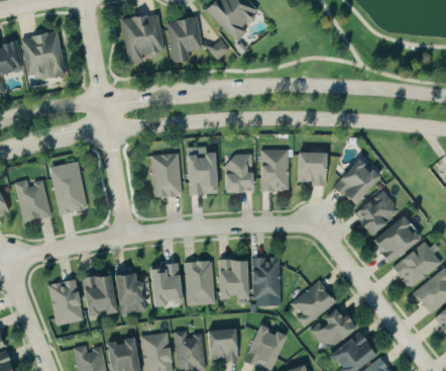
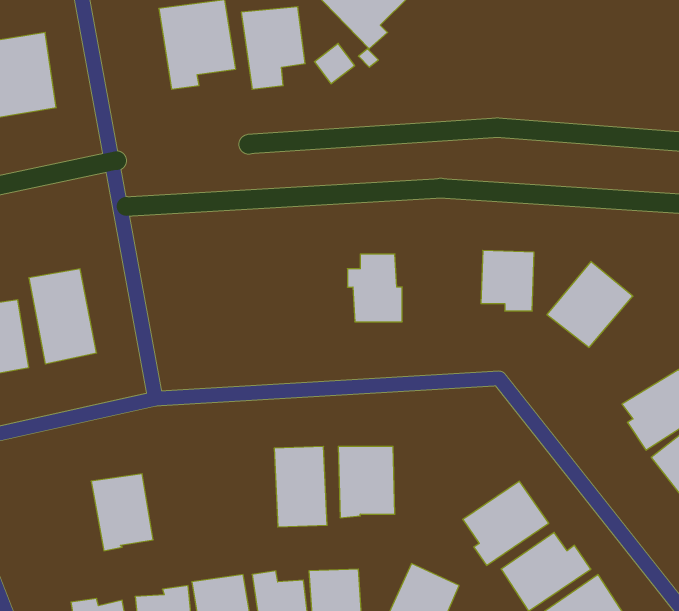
building: [260,150,288,191] -> none
building: [151,154,181,198] -> none
building: [189,154,220,195] -> none
building: [355,191,400,235] -> none
building: [252,257,278,306] -> none
building: [152,266,184,308] -> none
building: [118,275,144,312] -> none
building: [47,280,83,326] -> none

